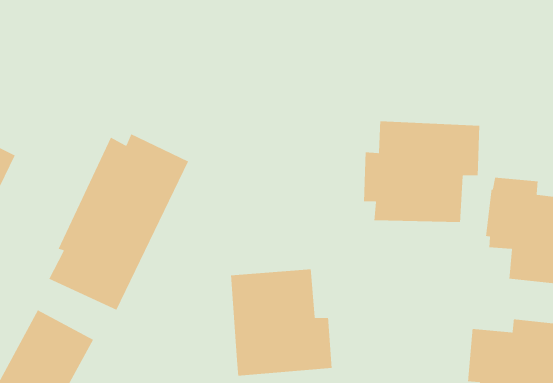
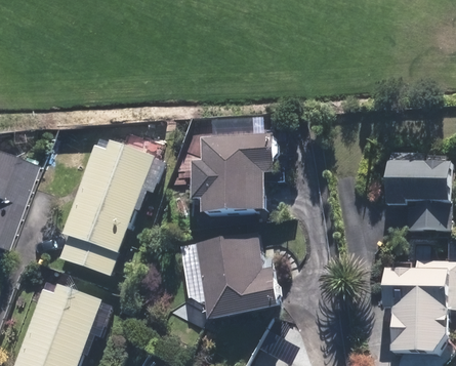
building: [363,120,480,223] -> [190,134,278,214]

